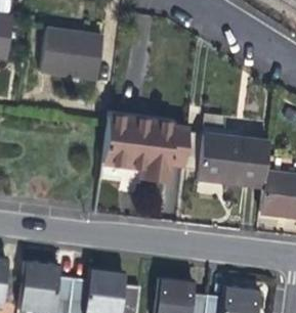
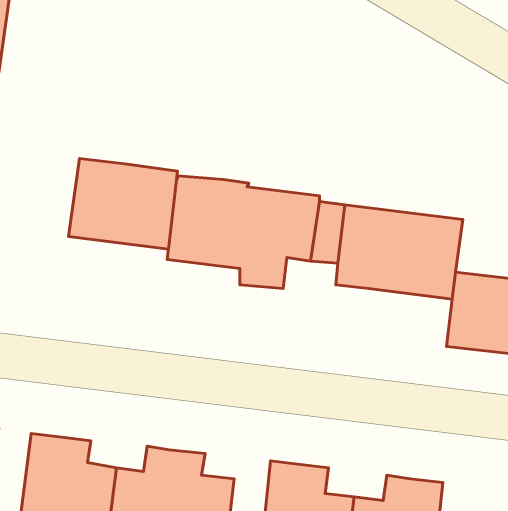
building: [41,28,102,79] -> [69,159,177,249]

